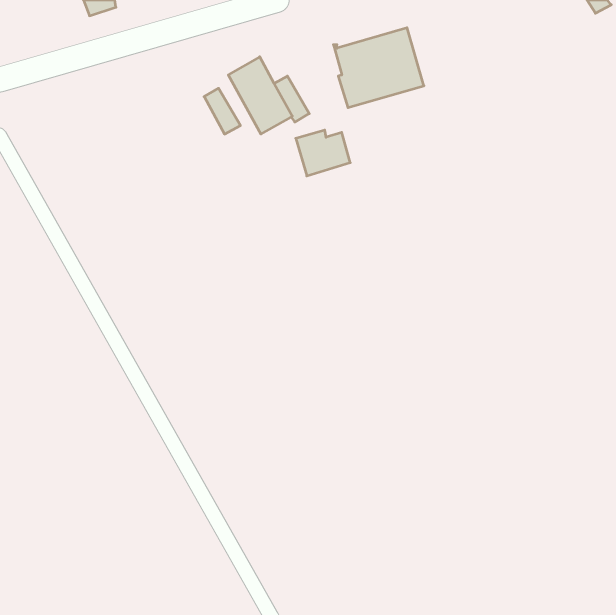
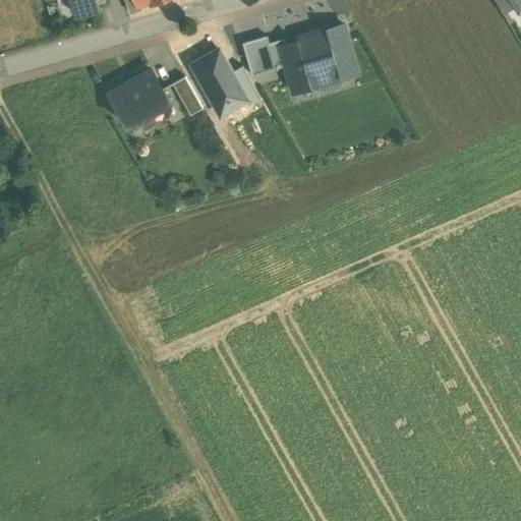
building: none -> [108,69,169,126]
building: [296,130,350,176] -> [242,38,288,76]

